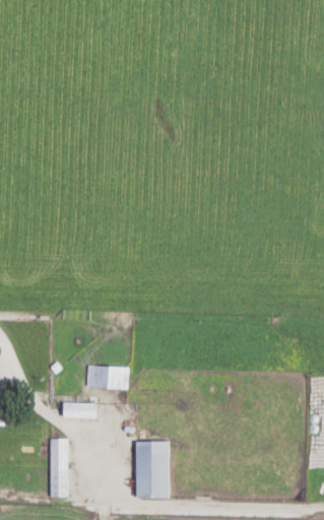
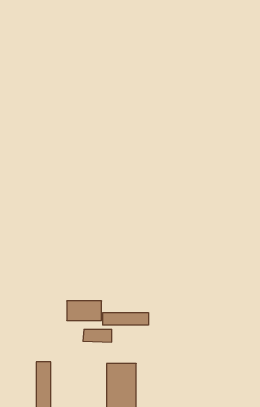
building: none -> [103,313,148,325]
building: [62,403,96,418] -> [83,329,112,342]

